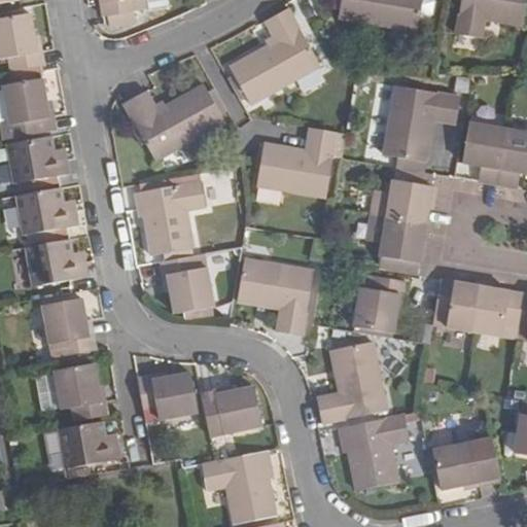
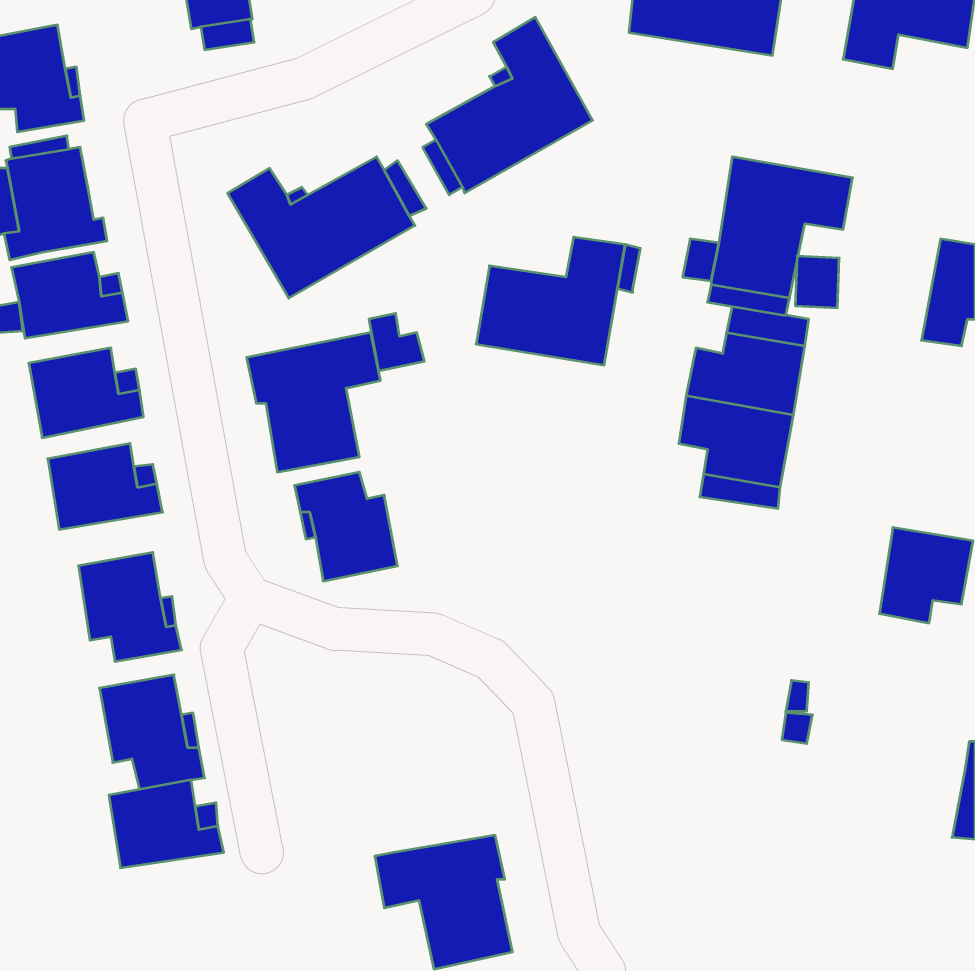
building: [461,122,506,183] -> none
building: [237,259,312,335] -> none
building: [353,275,406,333] -> none
building: [434,277,481,330] -> none
building: [316,341,387,422] -> none
building: [138,373,198,423] -> none
building: [201,387,261,432] -> none
building: [339,414,409,489] -> none
building: [433,442,501,488] -> none

